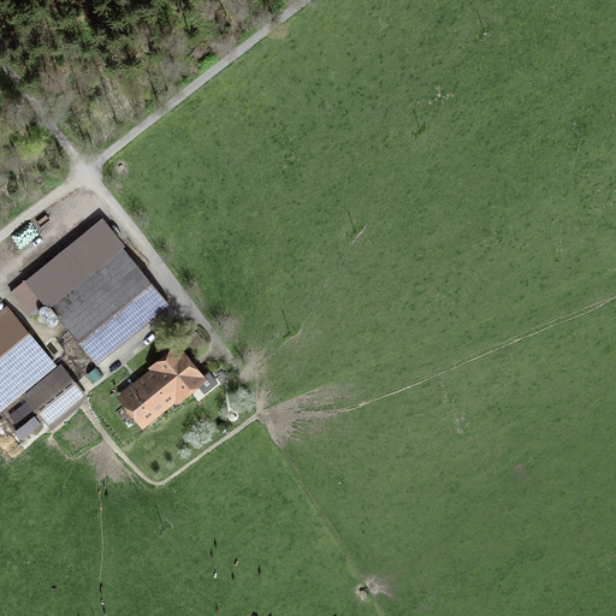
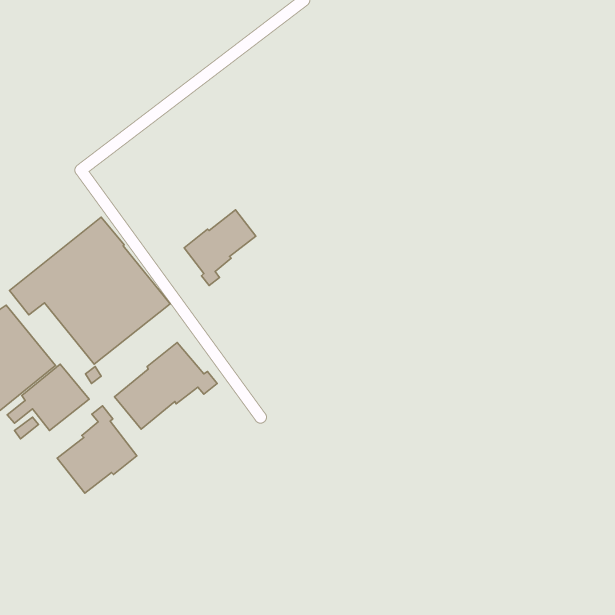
building: none -> [184,210,256,285]
building: none -> [57,406,137,493]

